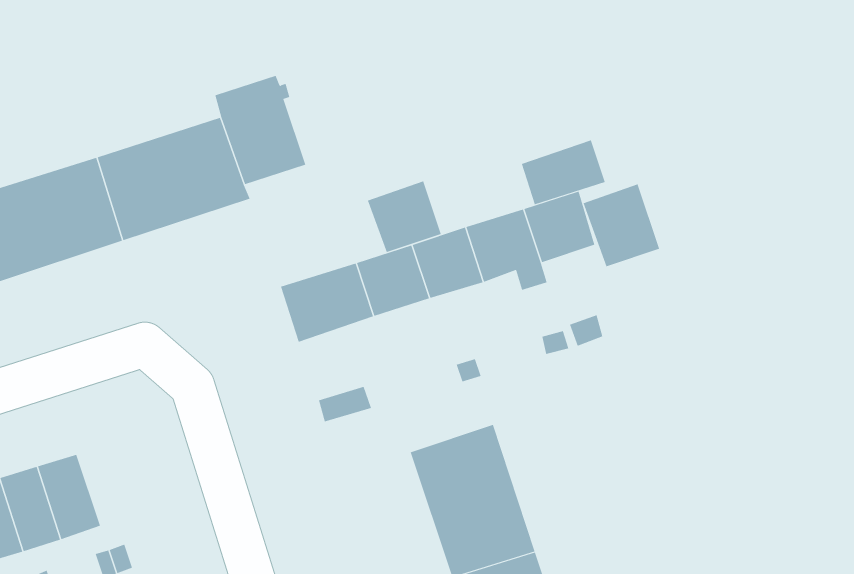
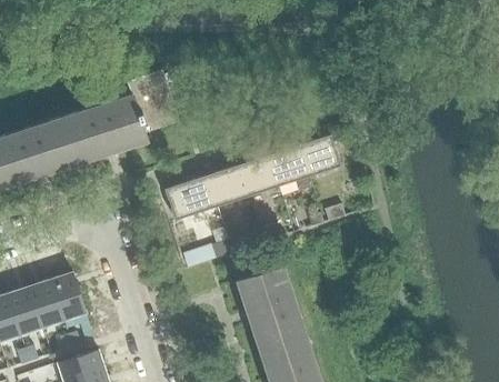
building: [521,140,606,205] -> none
building: [367,181,441,253] -> none
building: [583,184,660,267] -> none
building: none -> [50,273,86,321]

